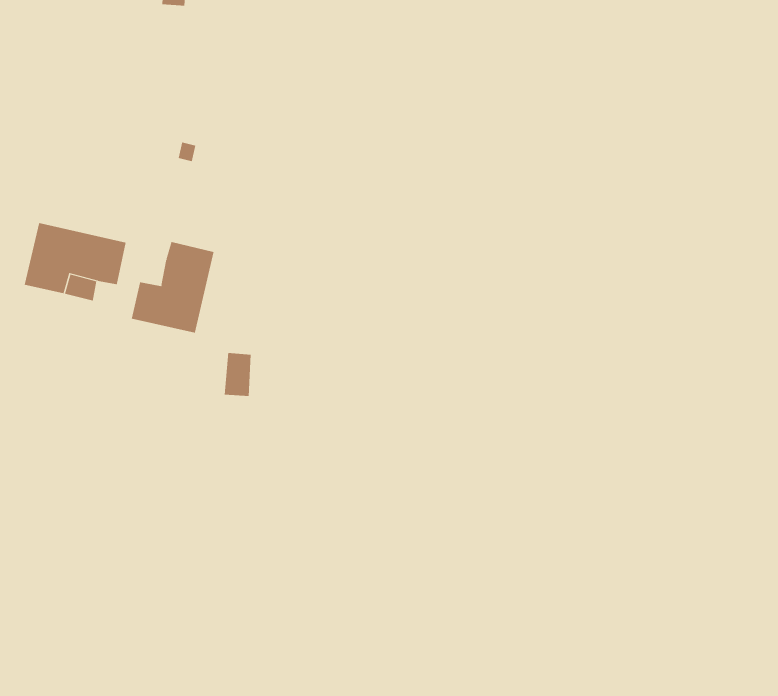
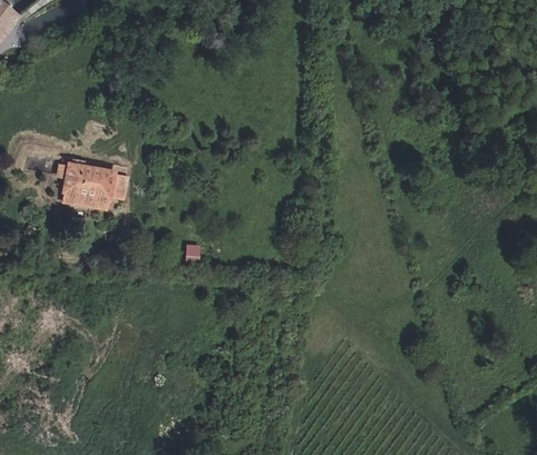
building: [131,241,214,334] -> none

